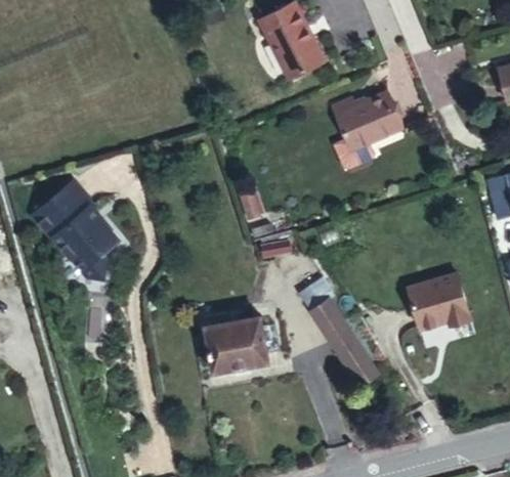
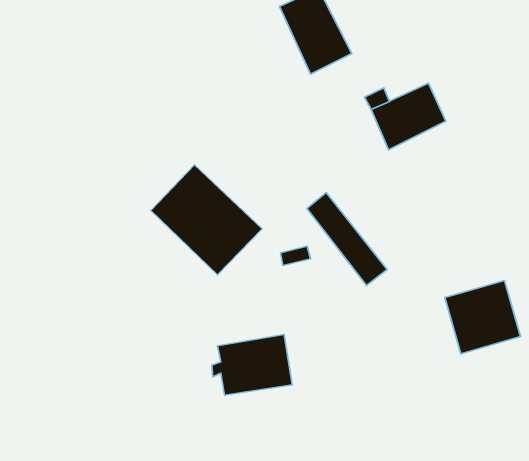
building: [32,174,131,272] -> [151,165,262,275]
building: [307,302,379,385] -> [307,193,387,285]

